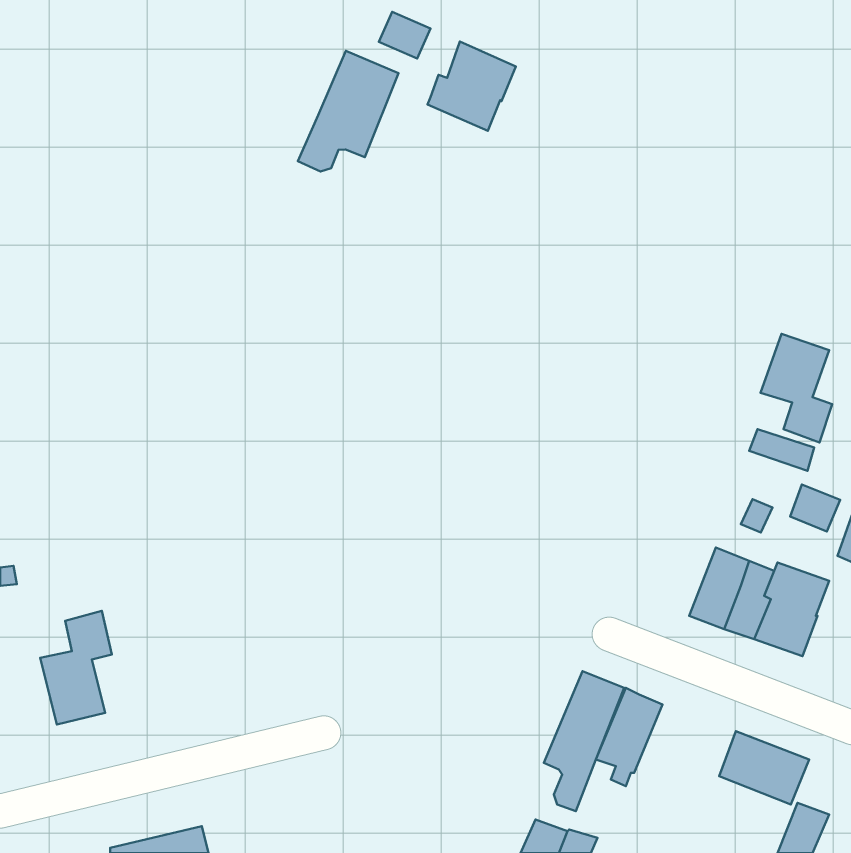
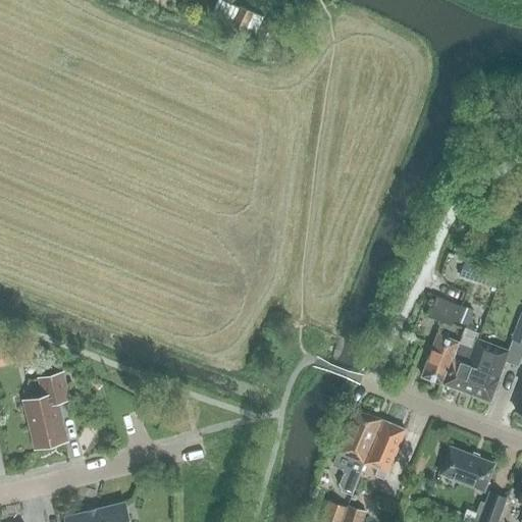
building: [428,42,516,131] -> none
building: [298,51,398,171] -> none
building: [761,334,832,443] -> none
building: [790,485,840,531] -> [428,297,459,325]

